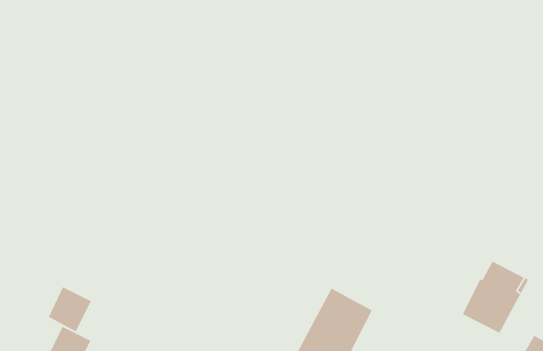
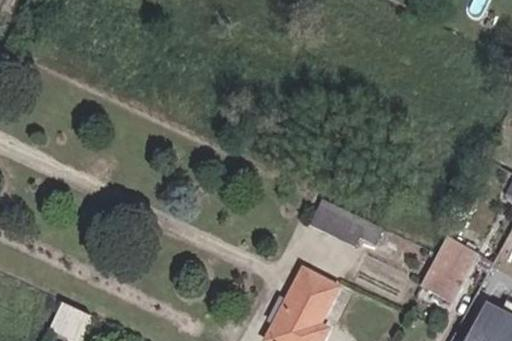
building: none -> [310,198,384,245]
building: [48,286,92,332] -> none

